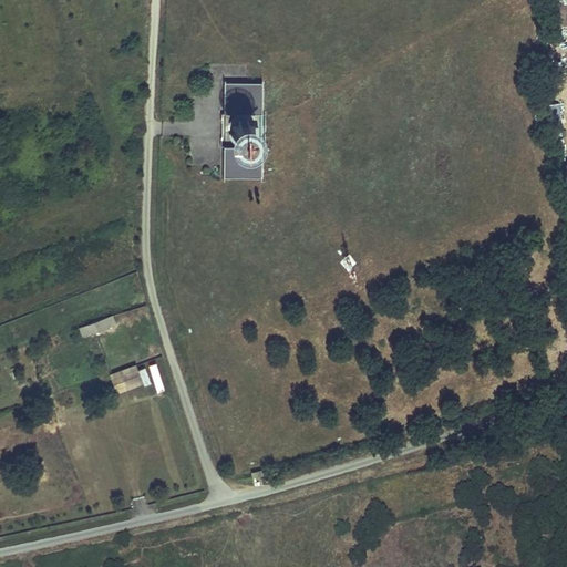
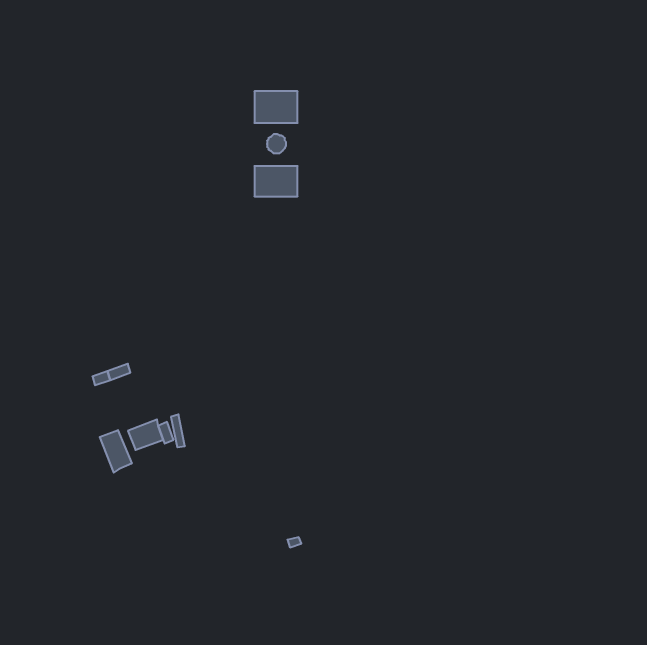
building: none -> [100,430,132,473]

